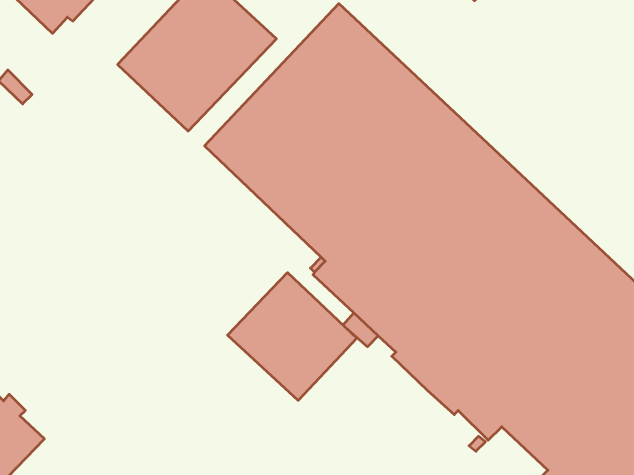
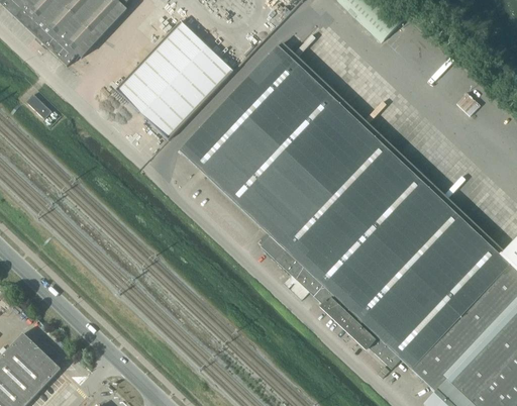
building: [228,273,357,400] -> none

